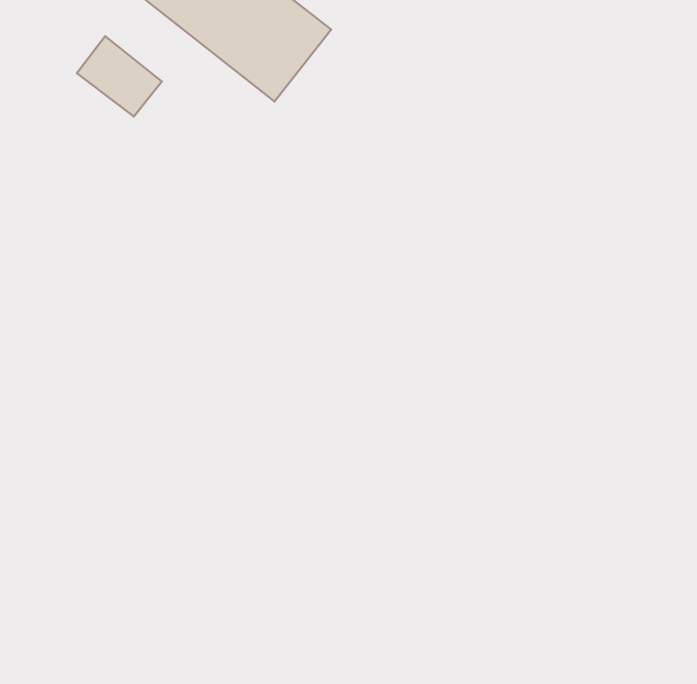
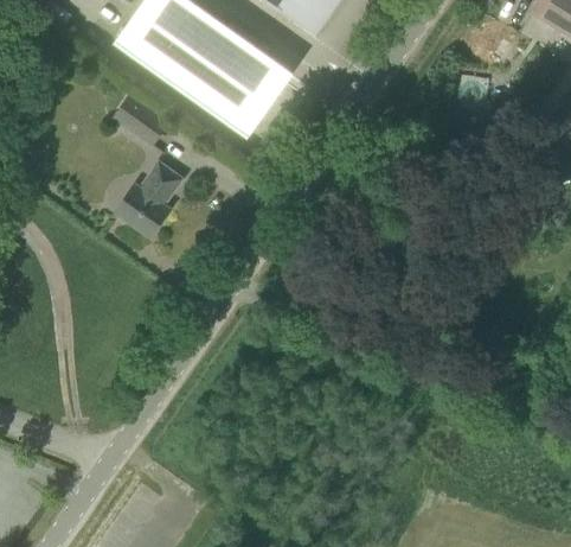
building: none -> [115,160,182,238]

